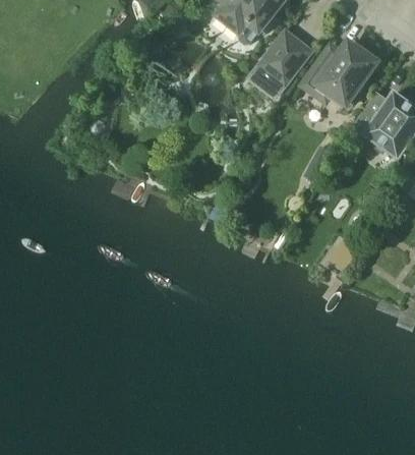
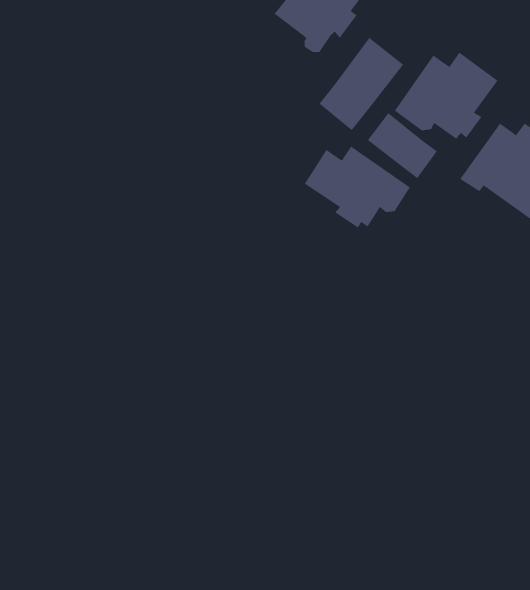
building: none -> [367,112,438,179]
building: none -> [304,146,411,228]

